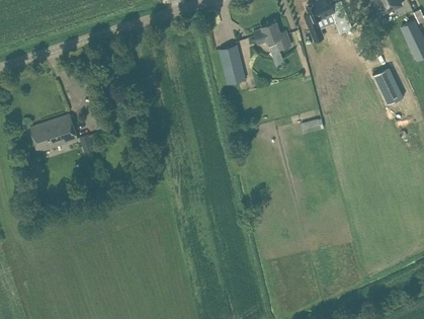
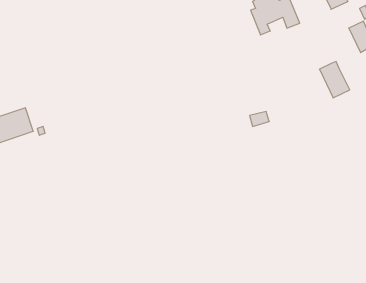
building: [252,21,290,50] -> none
building: [219,45,245,84] -> none

